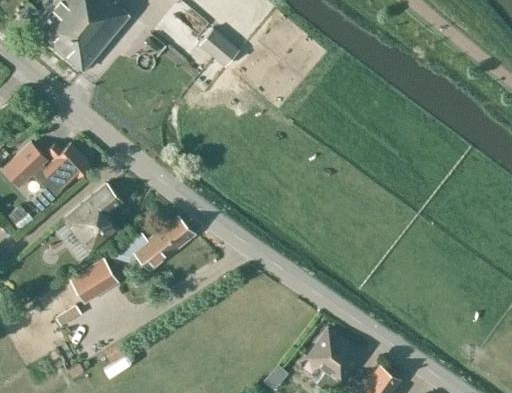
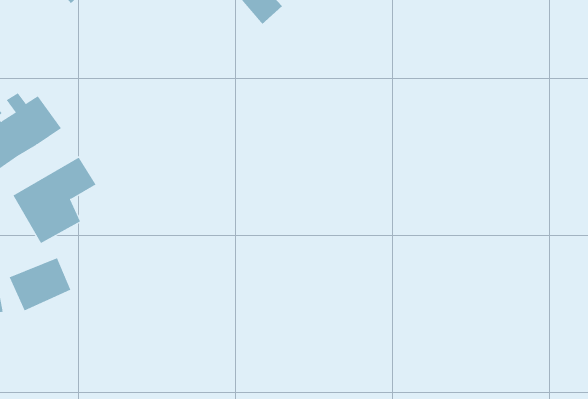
building: [111,215,196,271] -> none

